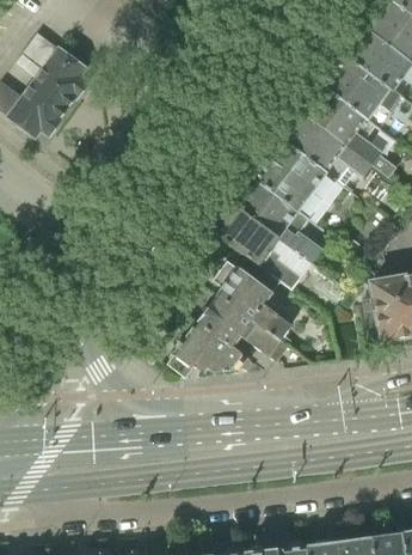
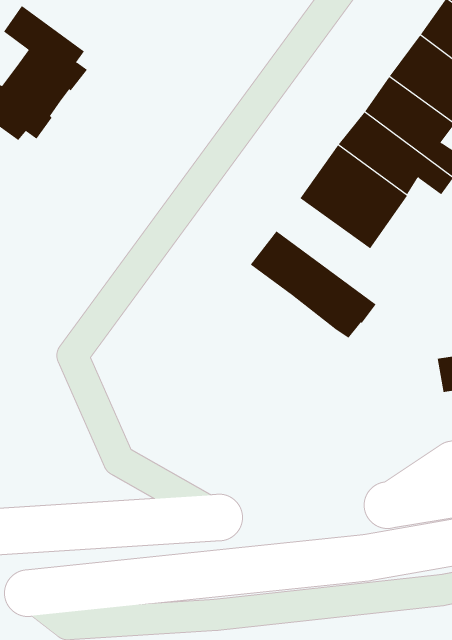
building: [235,181,324,263] -> none
building: [170,256,293,377] -> none

